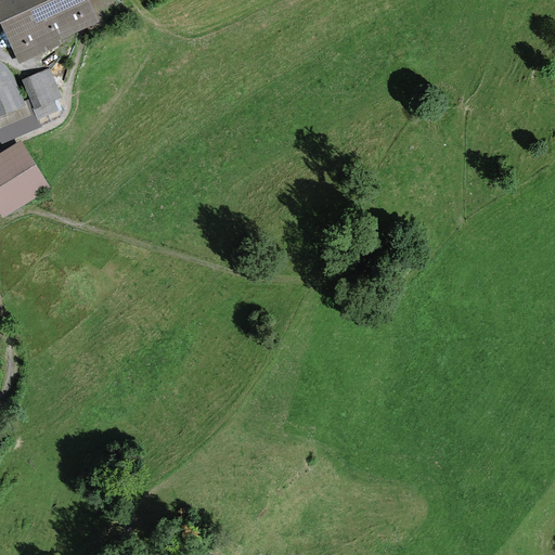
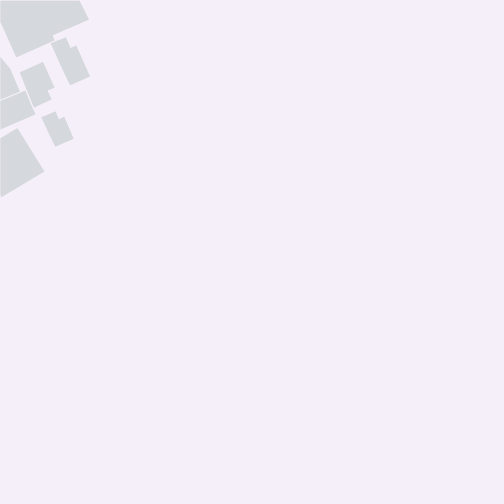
building: none -> [50,37,91,86]
building: none -> [40,111,75,148]

